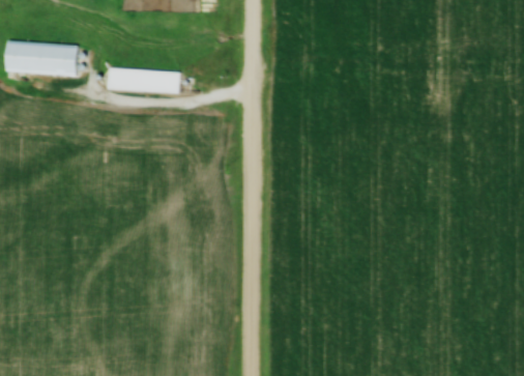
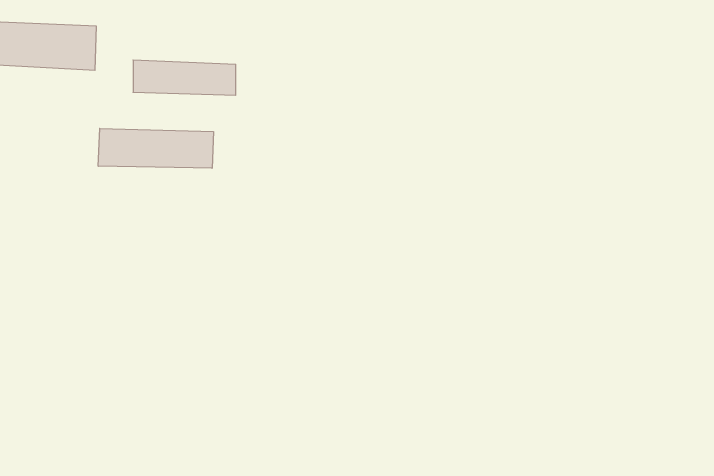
building: none -> [98,128,213,168]

